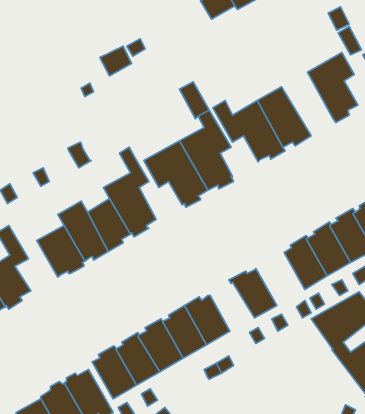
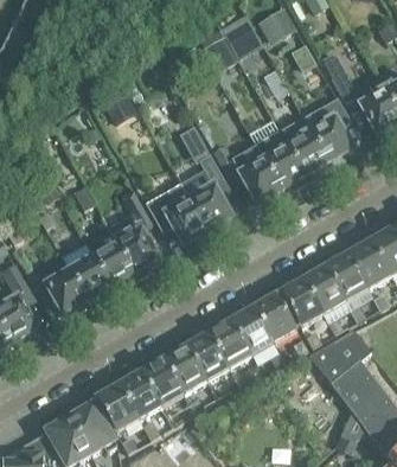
building: none -> [278,116,328,178]
building: none -> [250,293,296,341]
building: none -> [206,319,252,366]

